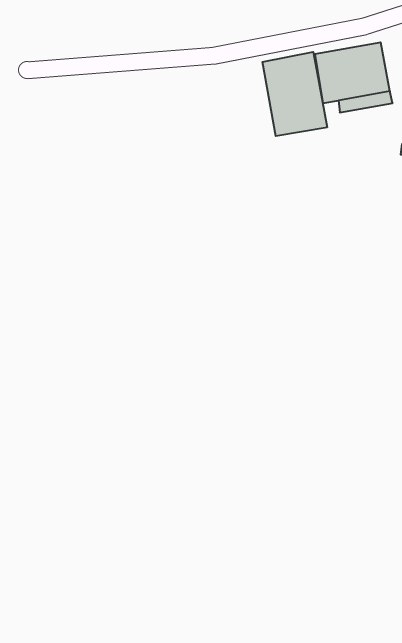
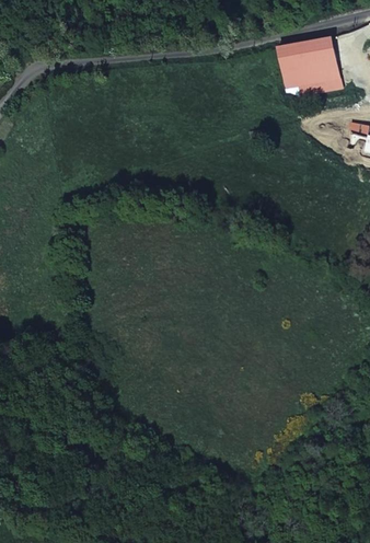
building: [262,52,327,136] -> none

